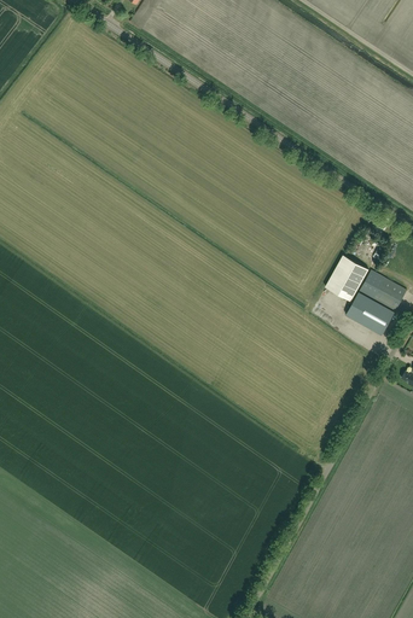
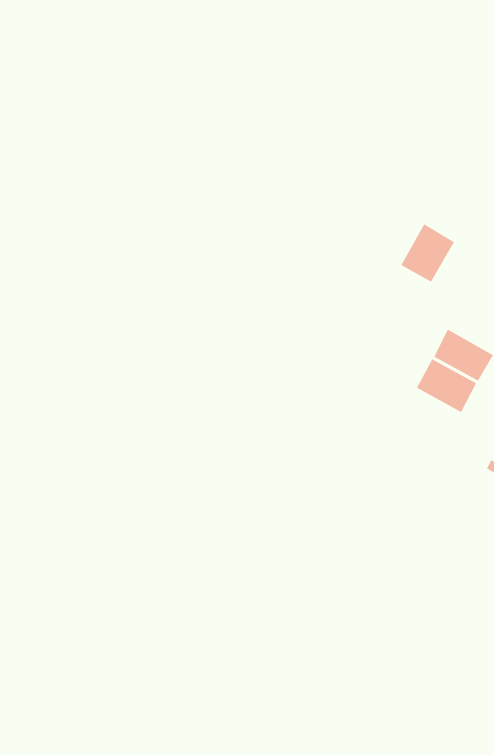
building: [326,255,368,301] -> [401,223,455,282]

